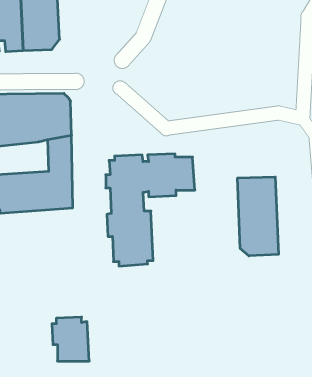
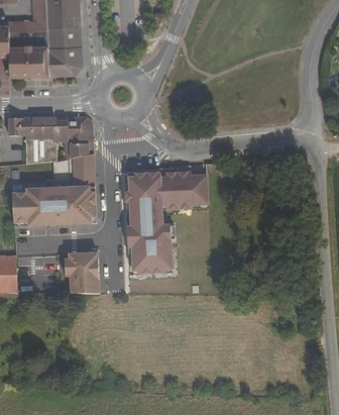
building: [238,177,278,256] -> none
building: [52,317,89,361] -> [65,252,99,293]

